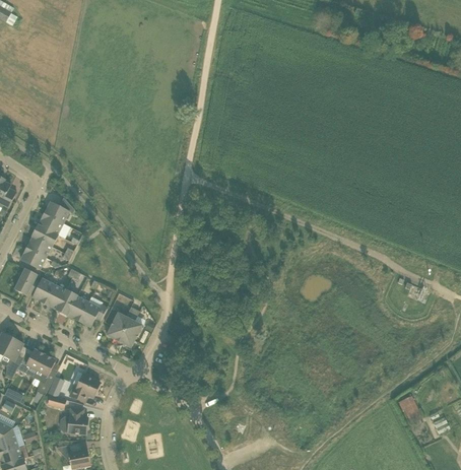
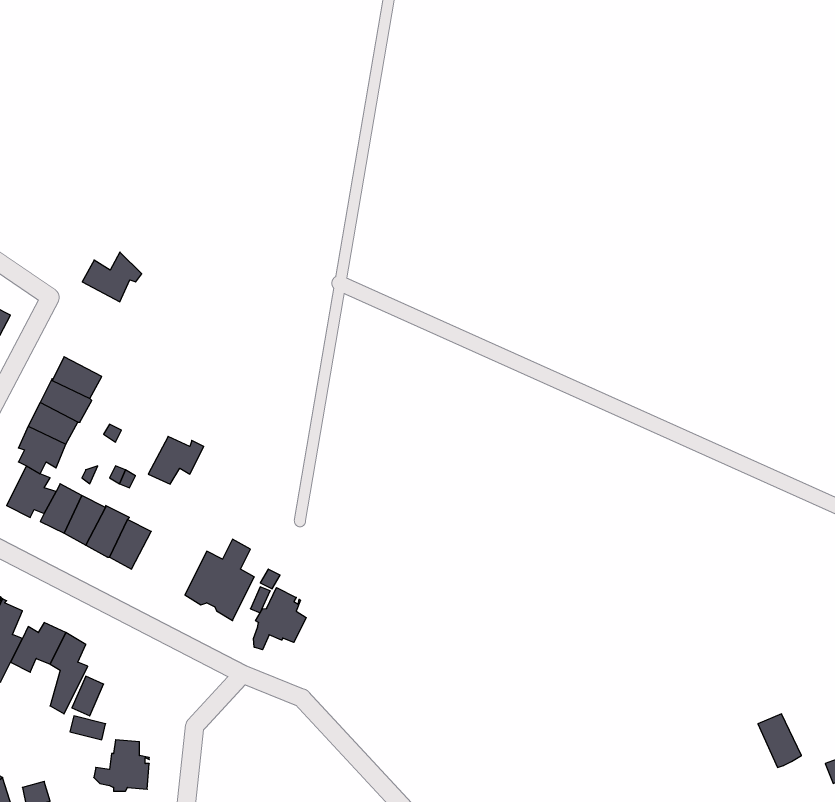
building: [44,196,74,221] -> [82,252,142,302]
building: [78,300,107,325] -> [148,436,204,484]
building: none -> [253,588,306,650]
building: [69,372,100,401] -> none

